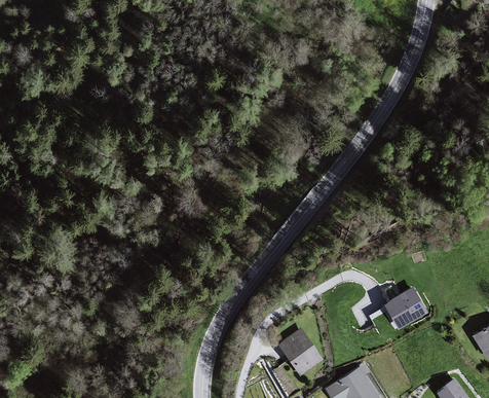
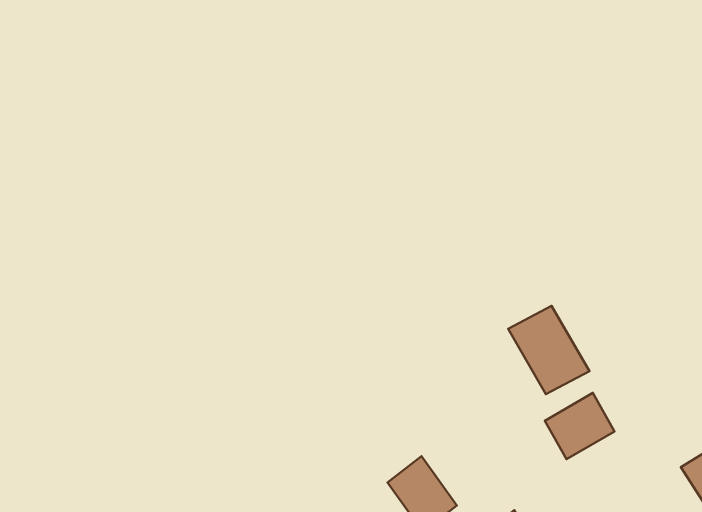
building: none -> [508,306,589,394]

